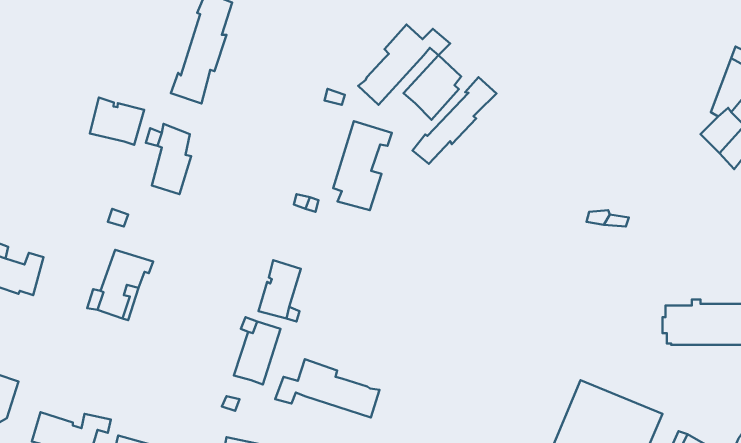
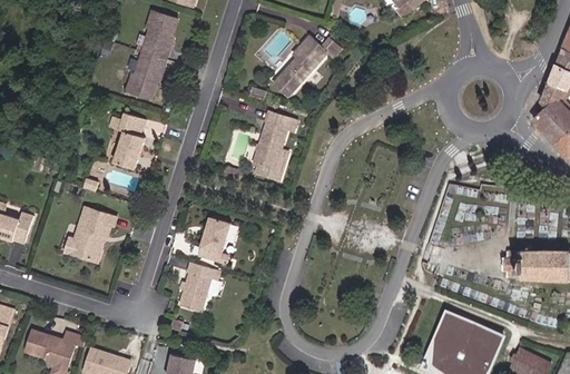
building: [403,55,461,120] -> none
building: [412,77,497,164] -> none
building: [90,98,144,145] -> none
building: [275,359,380,418] -> none

